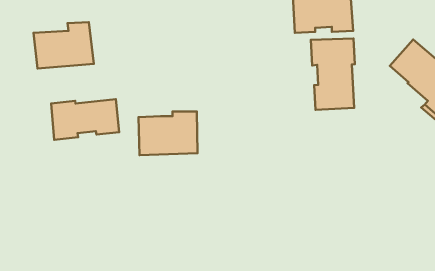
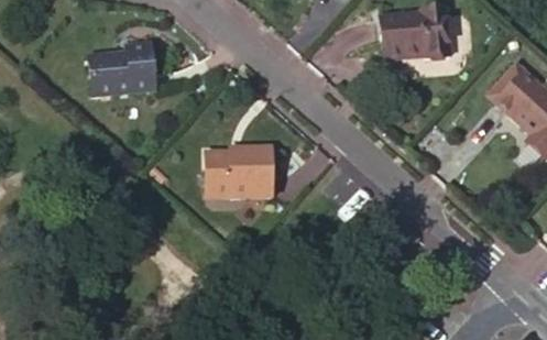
building: [311,39,355,110] -> none
building: [51,99,119,140] -> none

